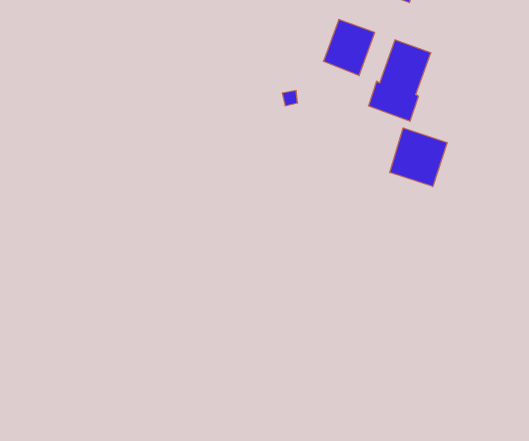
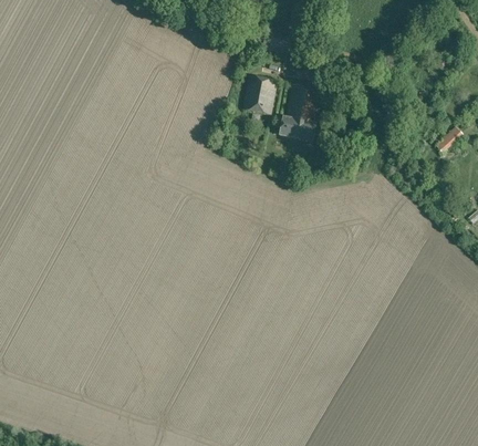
building: [390,128,447,187] -> none

